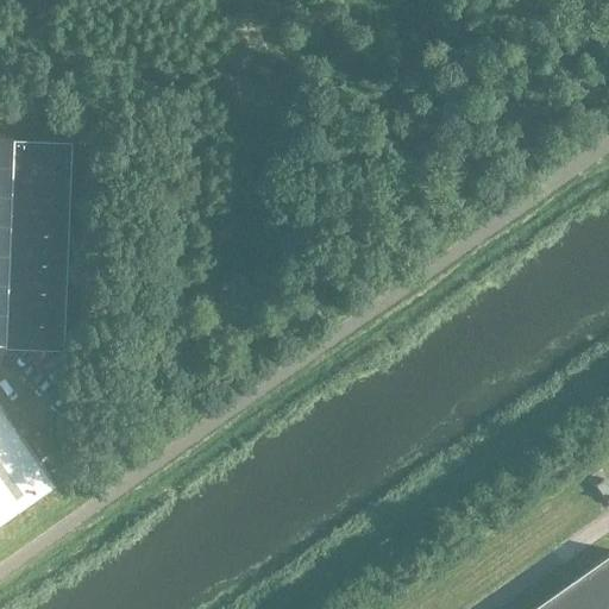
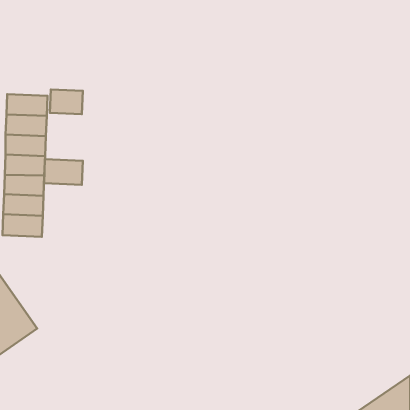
building: none -> [50,90,83,114]
building: none -> [44,159,83,185]

